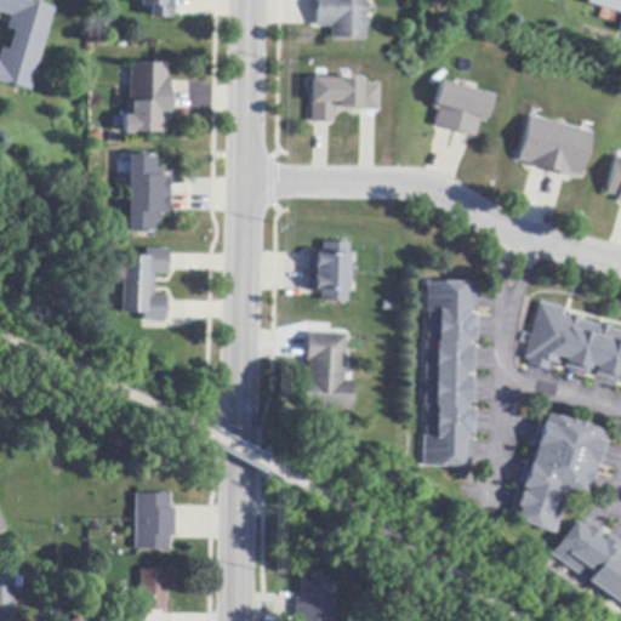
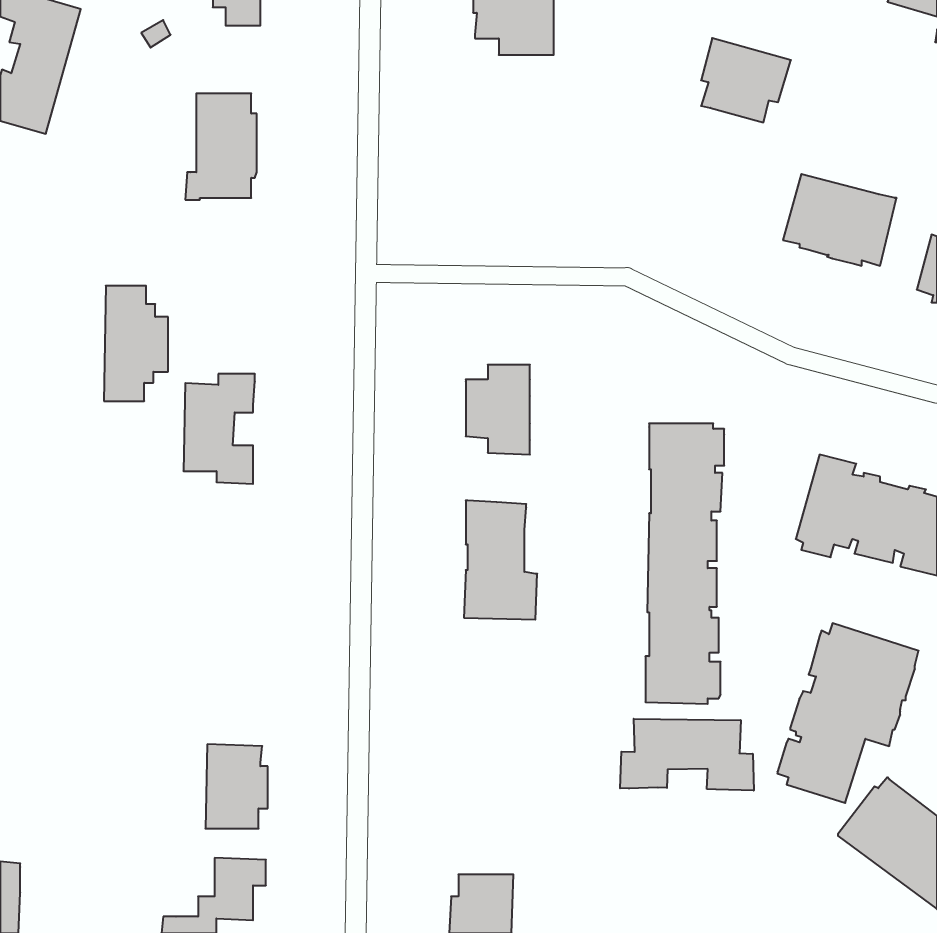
building: [312,76,380,120] -> none
building: [434,79,494,135] -> [701,38,791,122]
building: [127,154,170,230] -> [104,286,168,401]
building: none -> [620,719,754,791]

